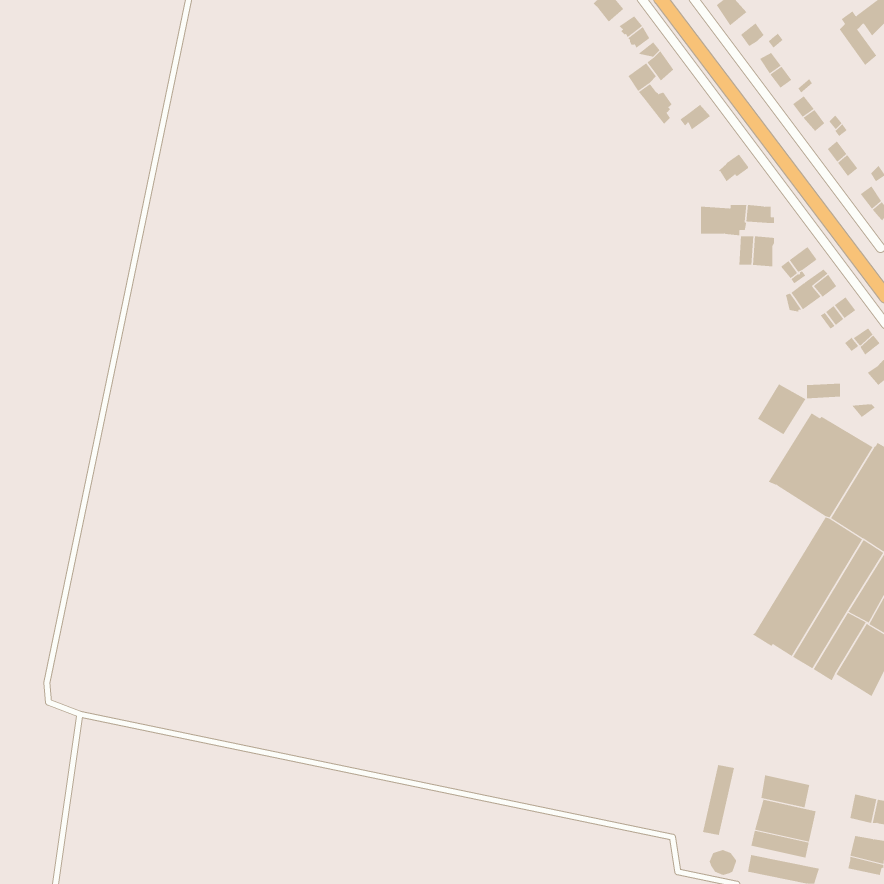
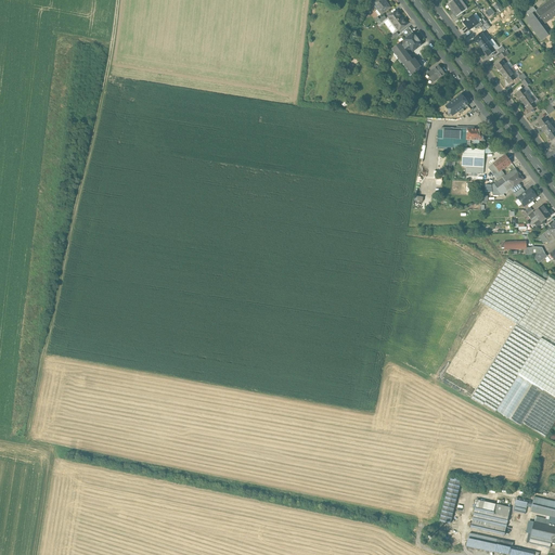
building: [757,384,806,435] -> none
building: [761,774,810,808] -> none

